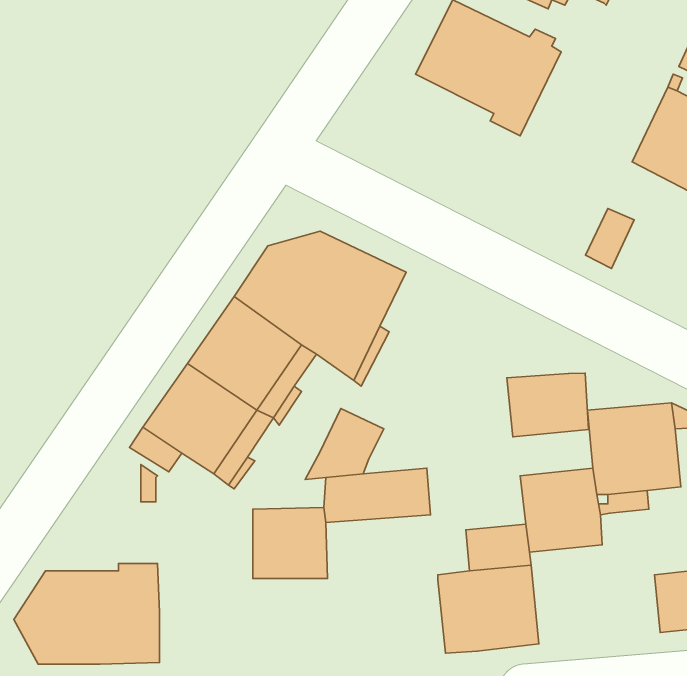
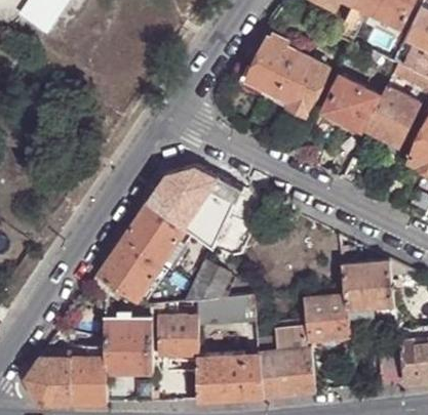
building: none -> [322,76,377,127]
building: [507,373,588,437] -> none
building: none -> [104,322,151,375]
building: none -> [197,355,263,402]

